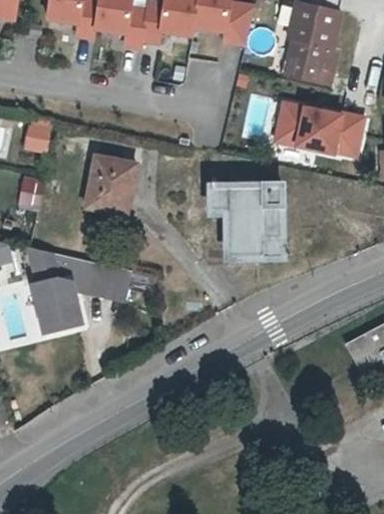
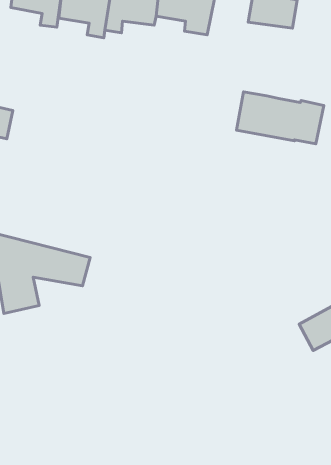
building: [289,32,339,81] -> none
building: [82,157,132,215] -> none
building: [208,187,281,261] -> none

